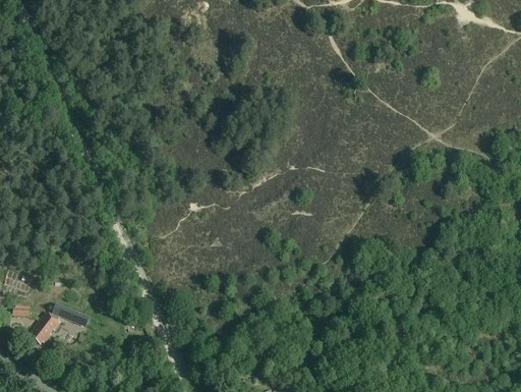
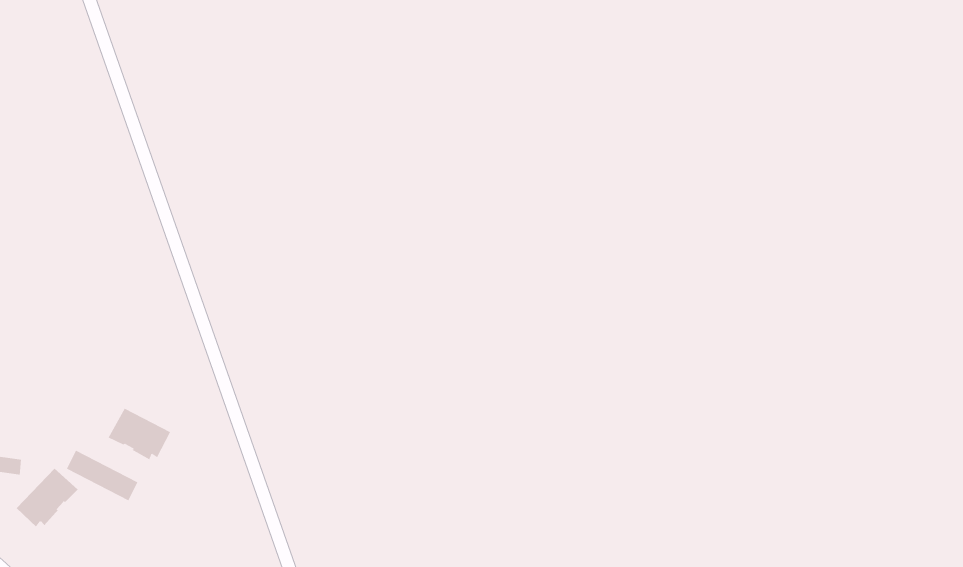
building: none -> [108,408,171,460]

